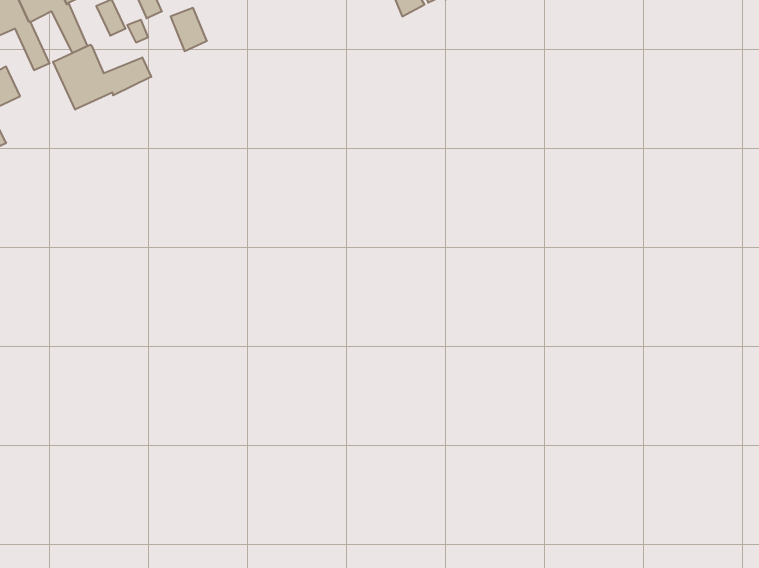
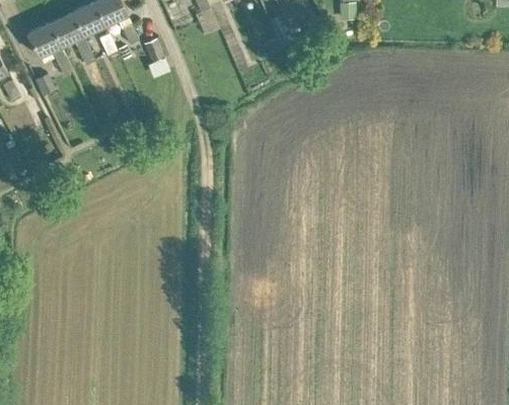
building: [53,45,151,110] -> none

